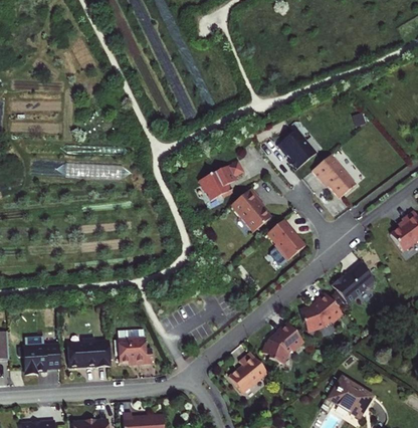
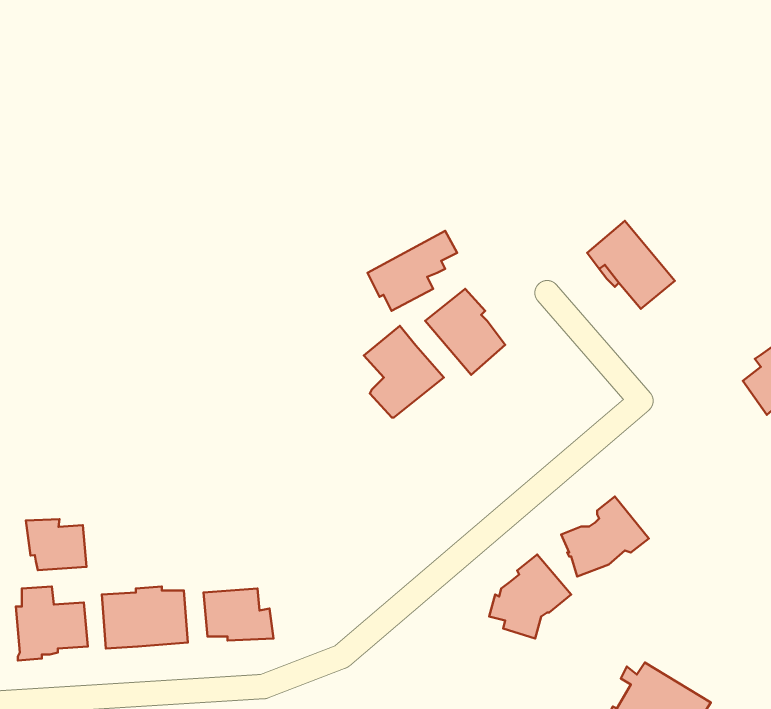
building: [277,129,317,170] -> none
building: [265,219,305,265] -> [364,326,444,418]
building: [332,261,375,304] -> none
building: none -> [26,519,86,570]
building: [229,352,267,393] -> none

